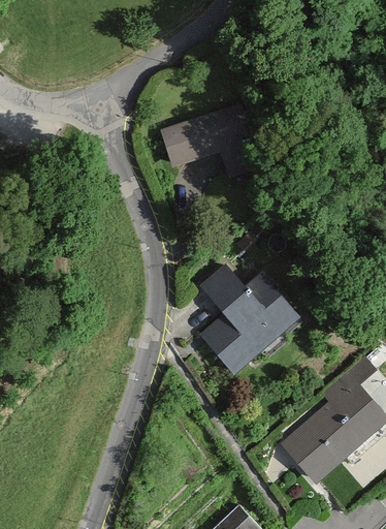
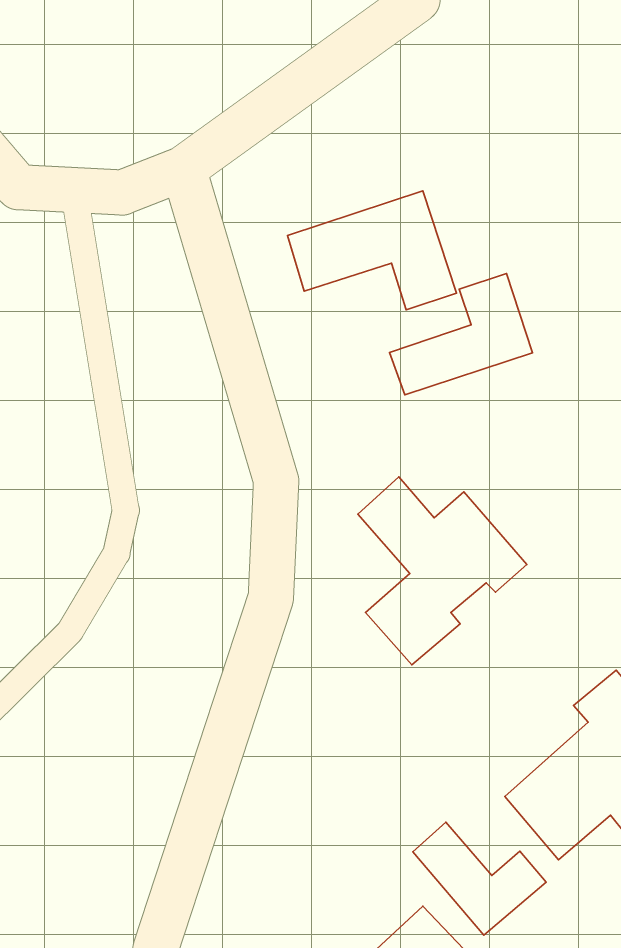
building: none -> [389,274,533,395]
building: none -> [413,822,546,935]

